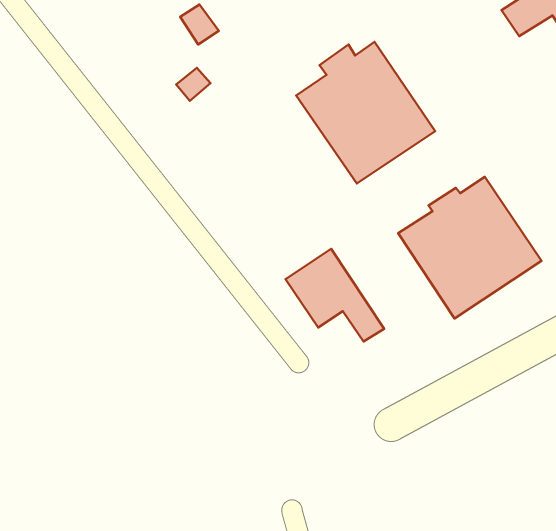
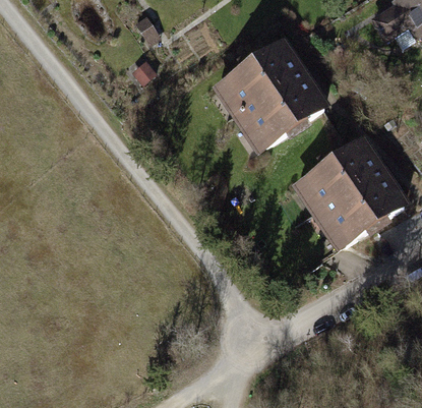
building: [285,249,384,342] -> none

